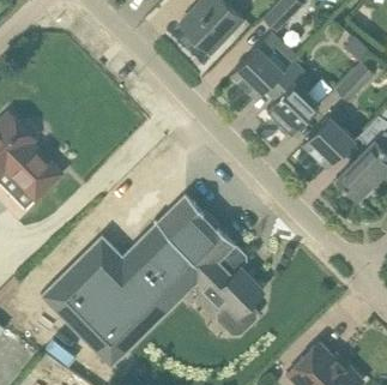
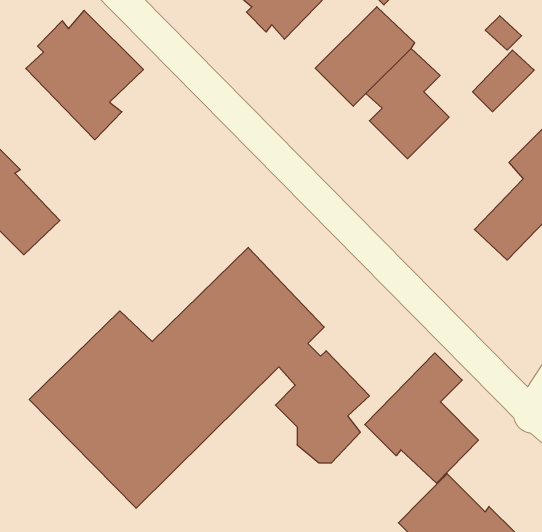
building: none -> [26,10,143,140]
building: [302,110,353,169] -> none
building: none -> [365,353,478,483]

